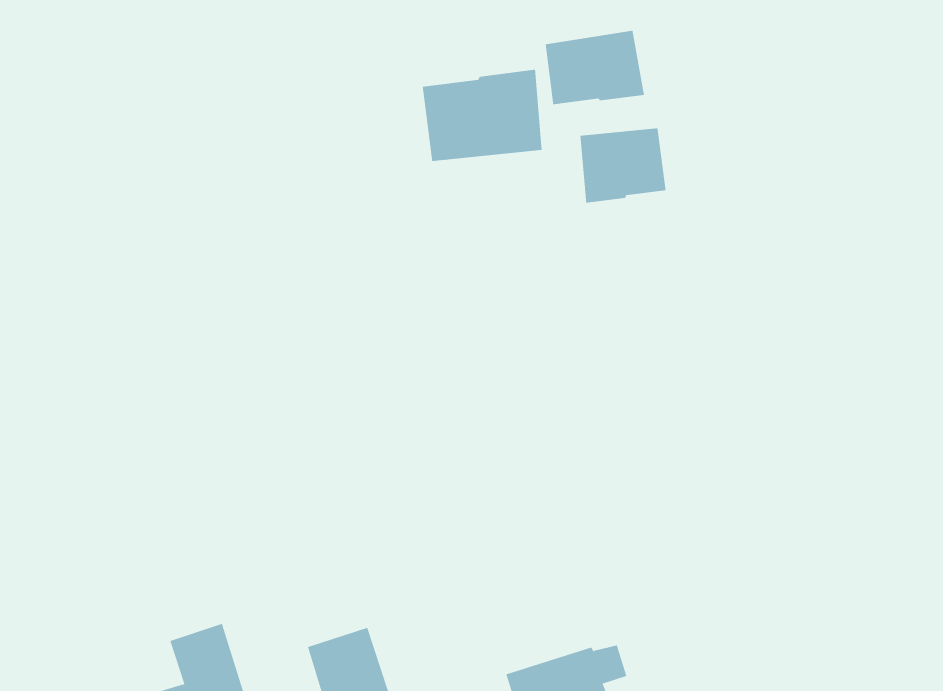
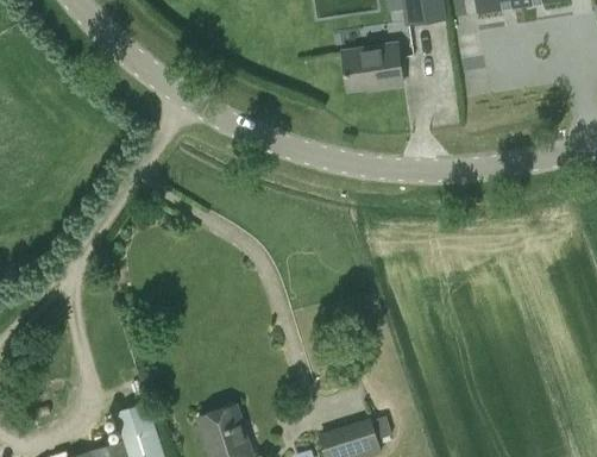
building: [422,69,542,162] -> none
building: [580,127,666,204] -> none

